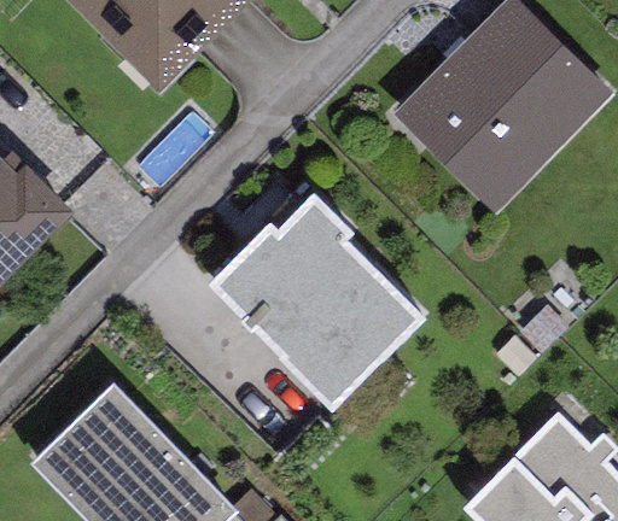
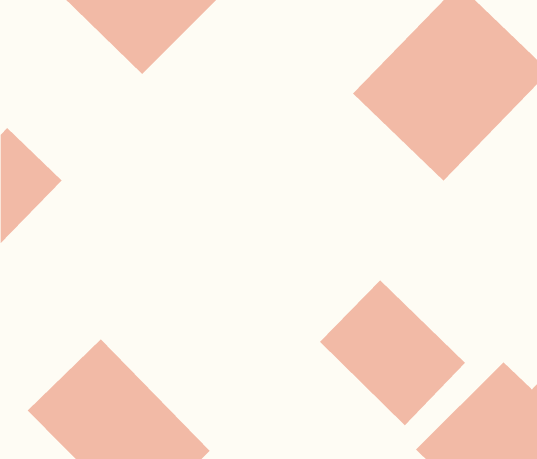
building: [214,199,421,409] -> none
building: none -> [319,279,466,426]

